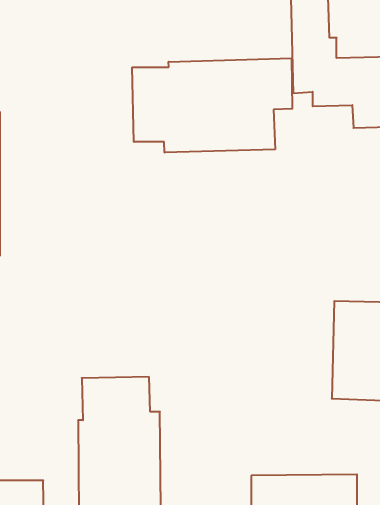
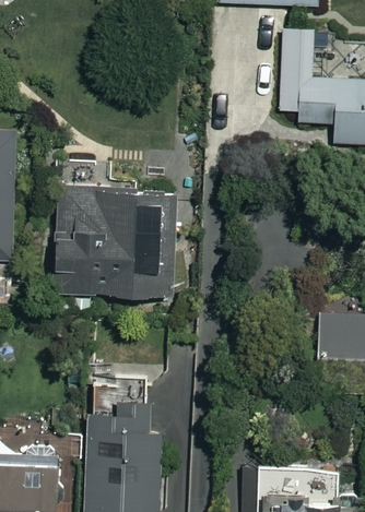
building: [132,58,292,153] -> none
building: none -> [56,192,174,295]

